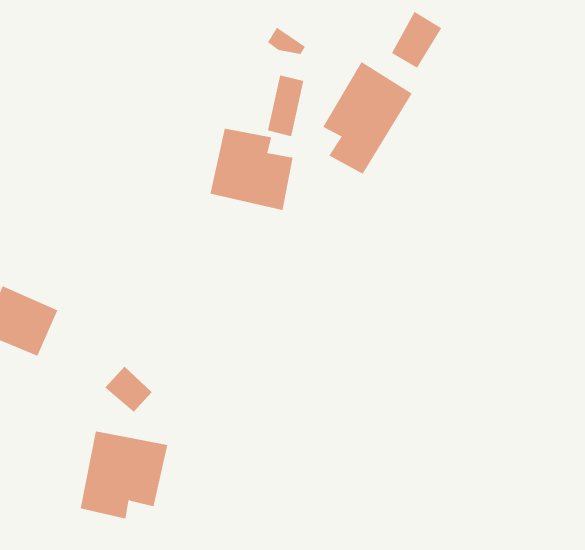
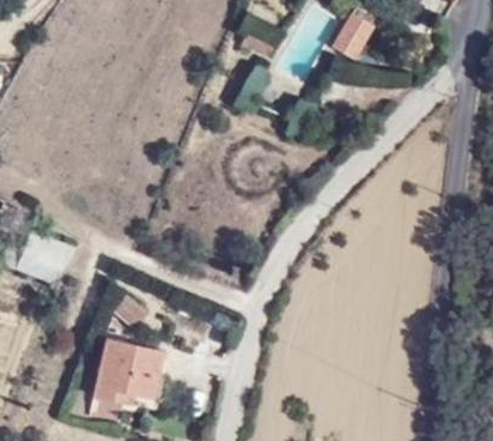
building: [322,61,413,175] -> none
building: [210,128,293,211] -> none

